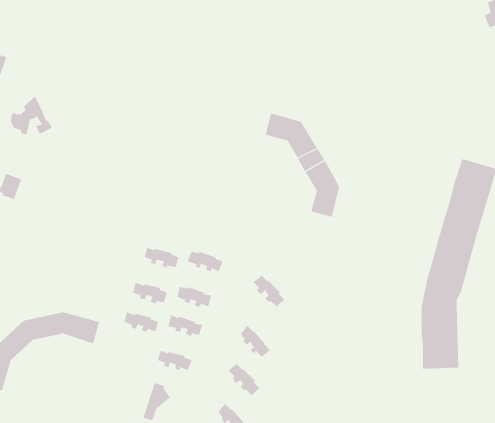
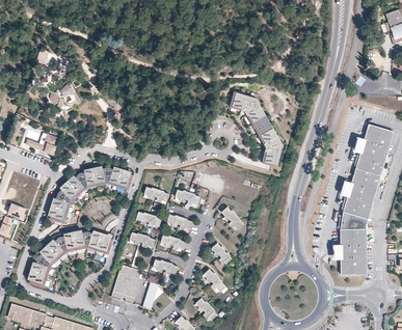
building: none -> [49,167,133,223]
building: none -> [111,265,141,304]

